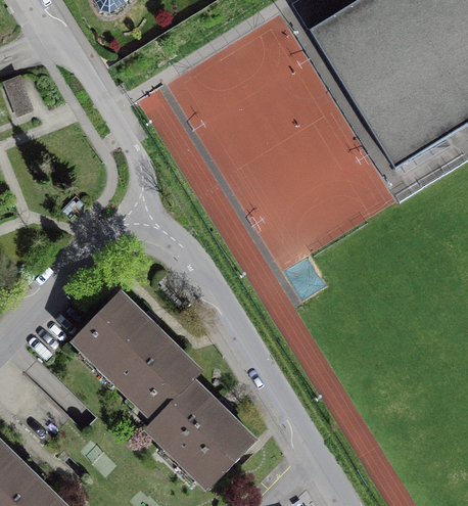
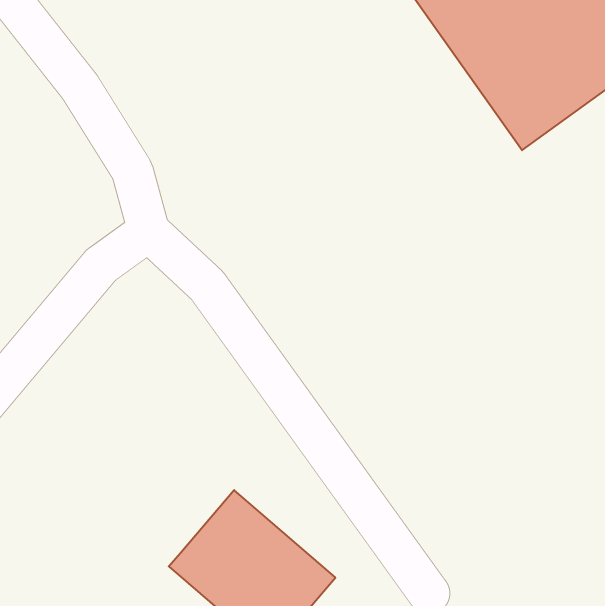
building: [74,292,193,418] -> none

